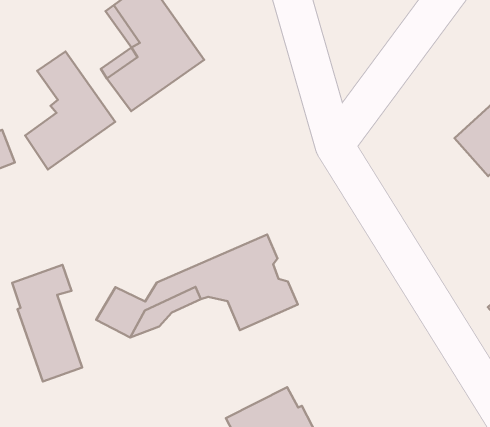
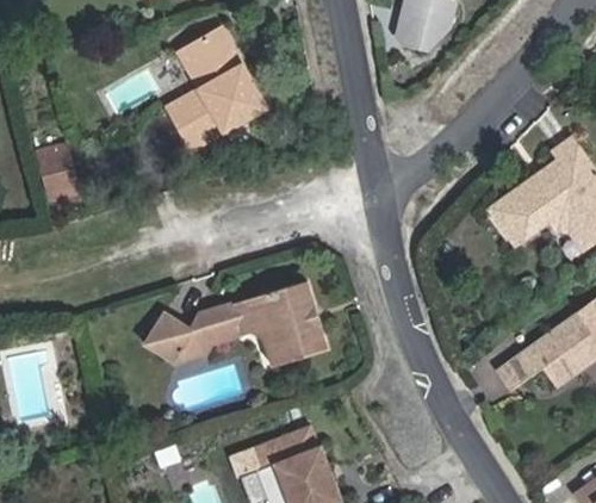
building: [25,51,115,169] -> none
building: [12,265,82,381] -> none

